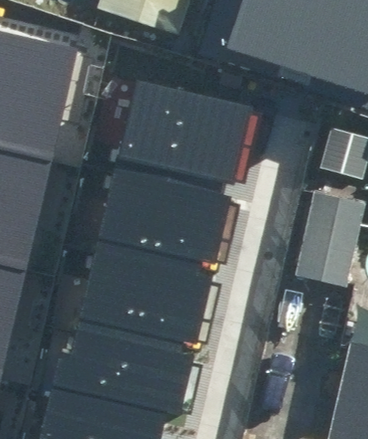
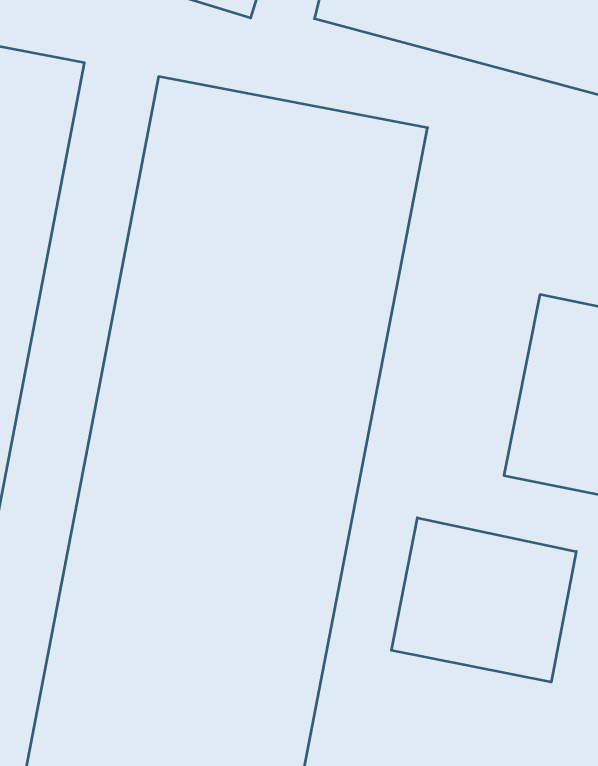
building: none -> [391,518,576,682]

